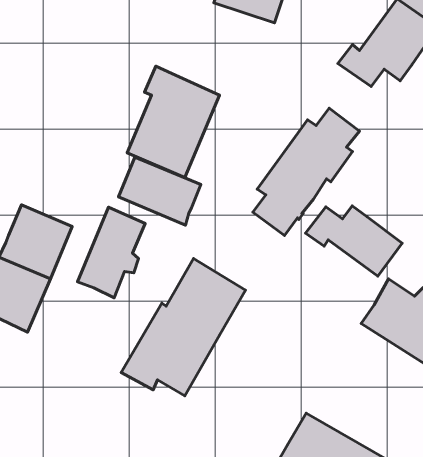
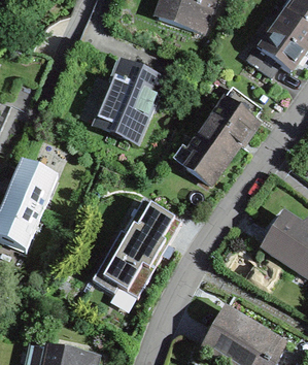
building: [118,157,201,225] -> none
building: [305,206,402,276] -> none
building: [78,207,145,298] -> none

